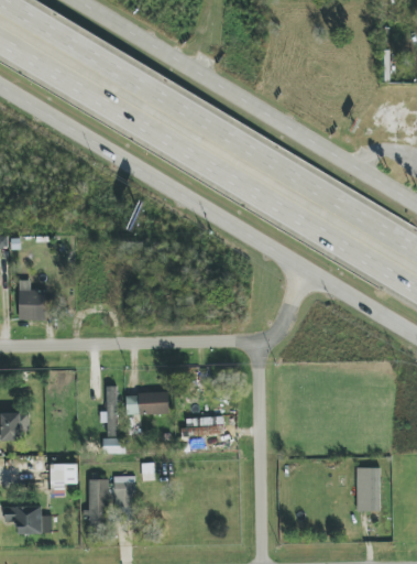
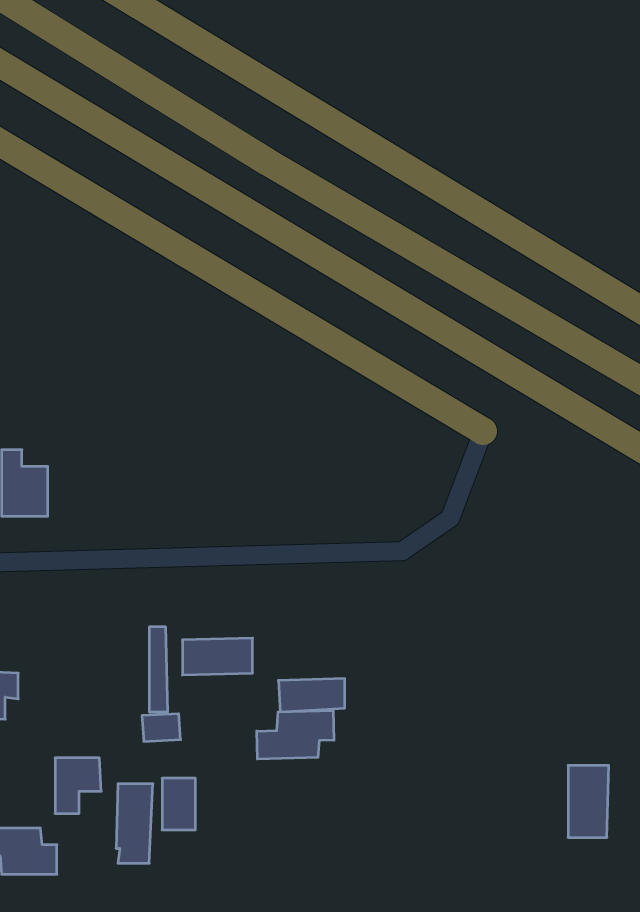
building: none -> [257,710,334,759]

